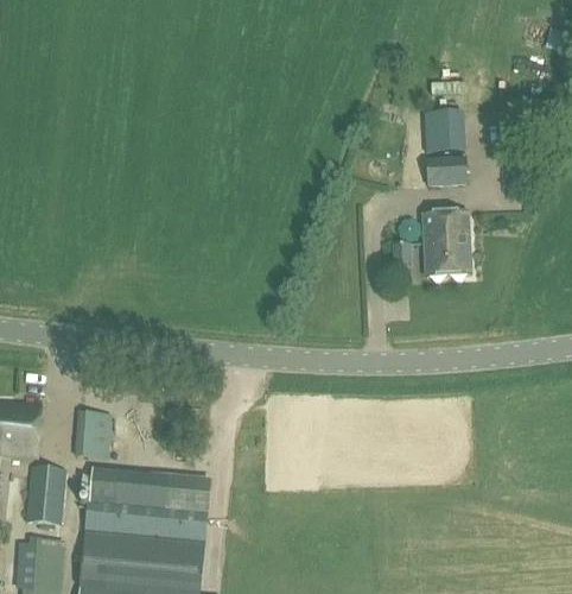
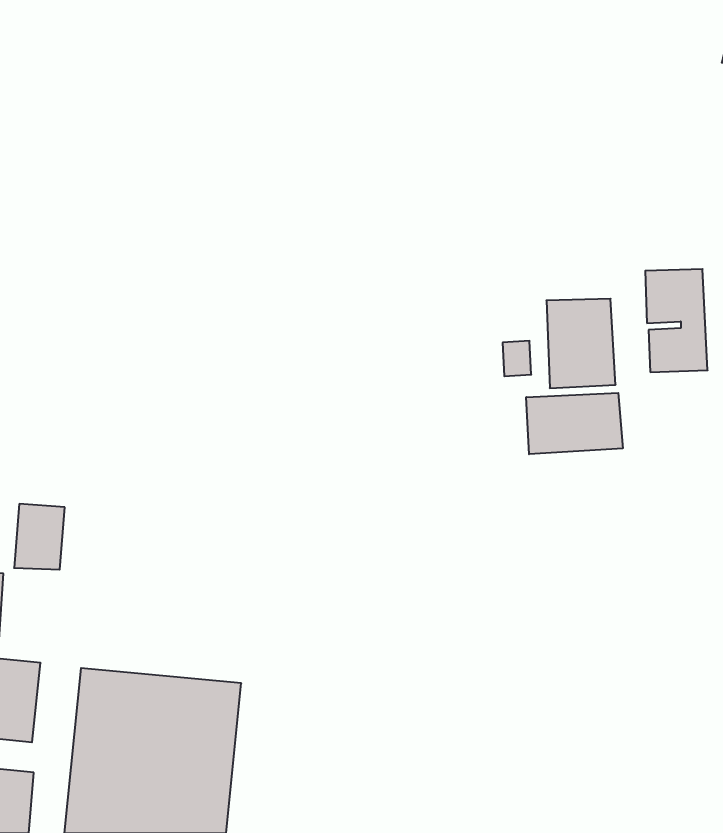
building: [422,113,466,185] -> [645,269,708,372]
building: none -> [526,393,623,454]
building: [75,410,110,456] -> [14,504,65,570]

